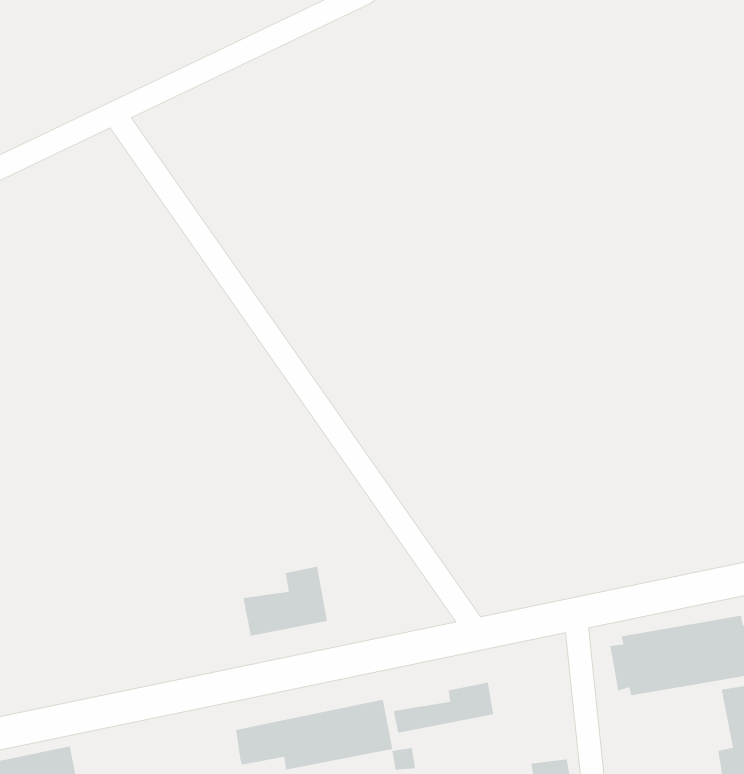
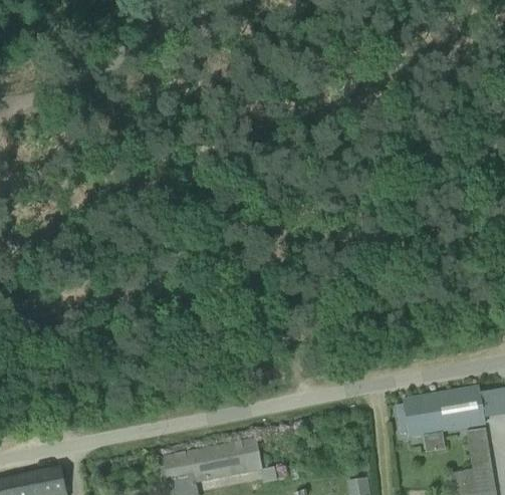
building: [243,566,327,636] -> none
building: [393,682,494,734] -> none

